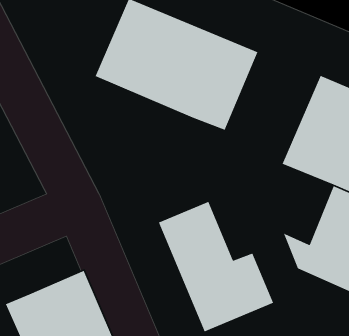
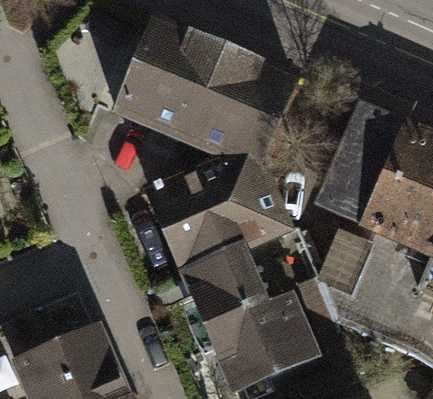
building: none -> [156,154,284,267]

